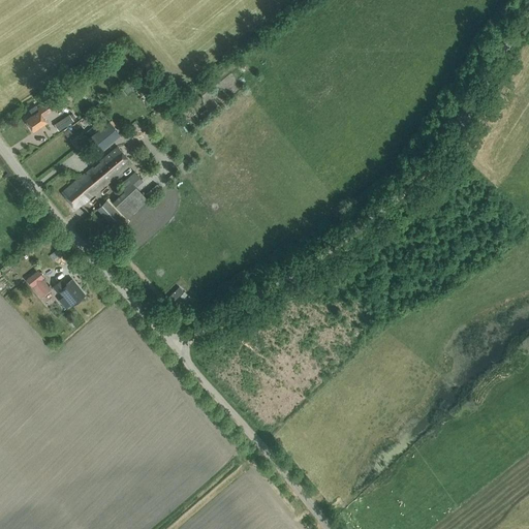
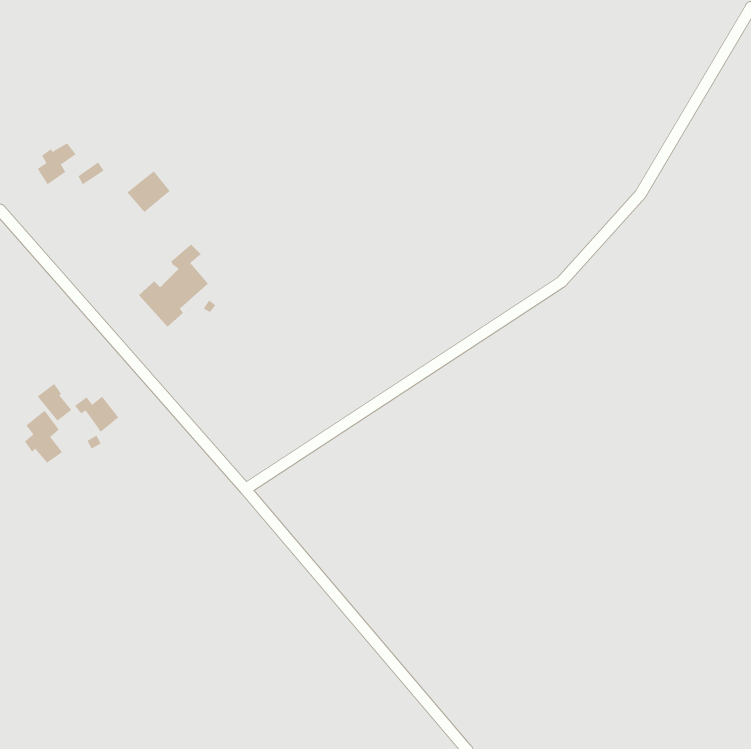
building: [63,147,131,210] -> none
building: none -> [24,410,63,463]

